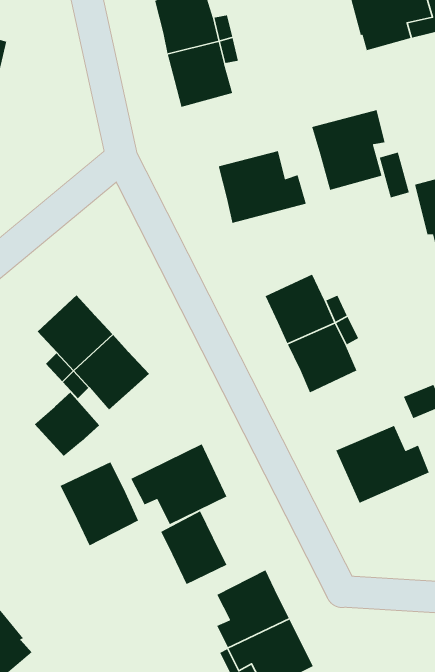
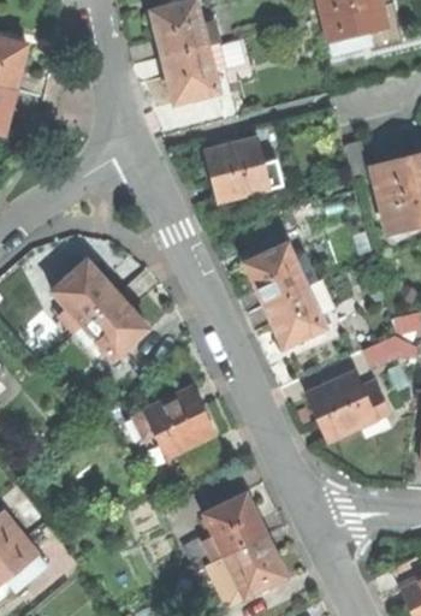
building: [311,109,385,191] -> none
building: [34,391,100,457] -> none
building: [59,461,139,546] -> none
building: [160,510,227,585] -> none

